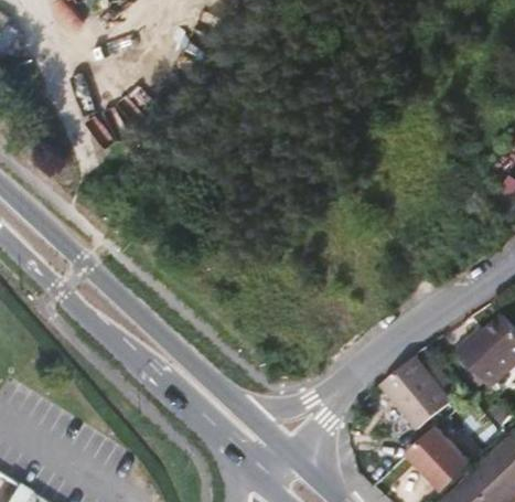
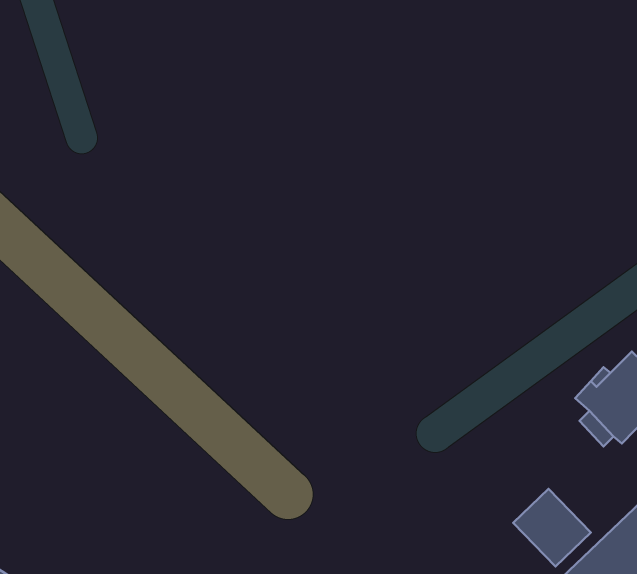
building: [380,357,450,429] -> none

